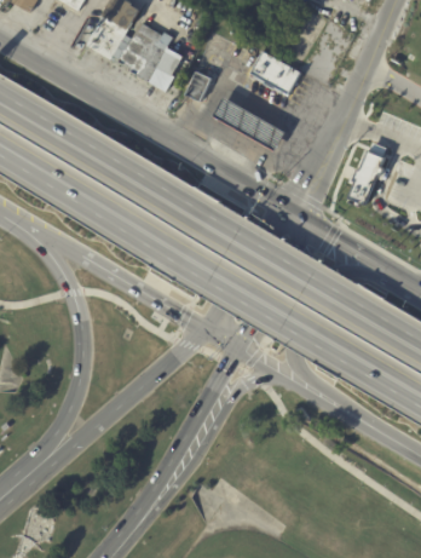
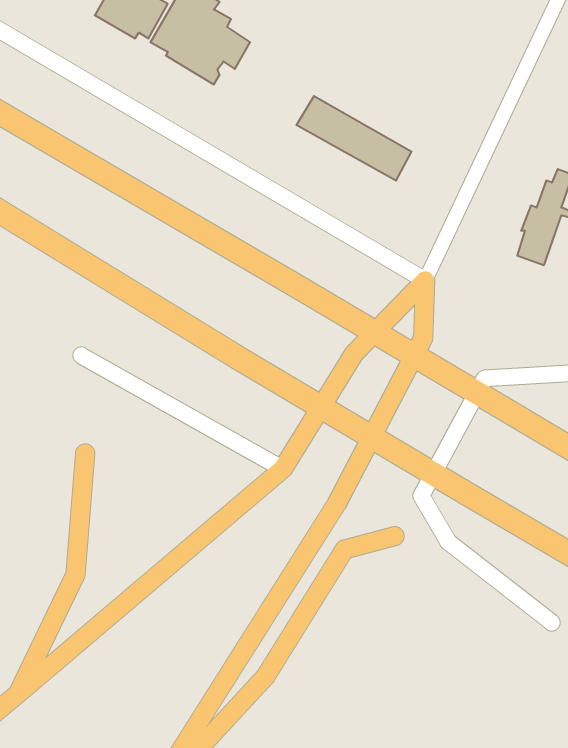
building: [249,50,301,94] -> none
building: [184,70,214,103] -> none

